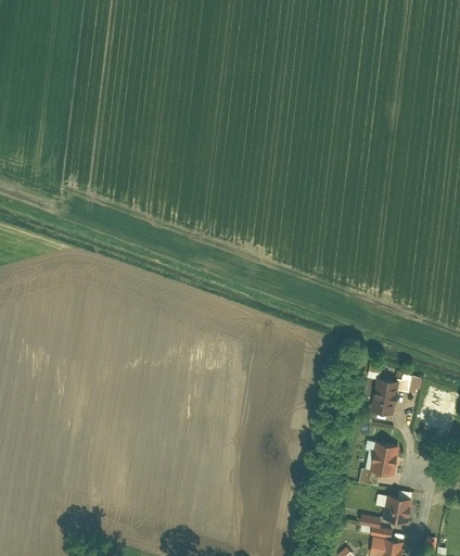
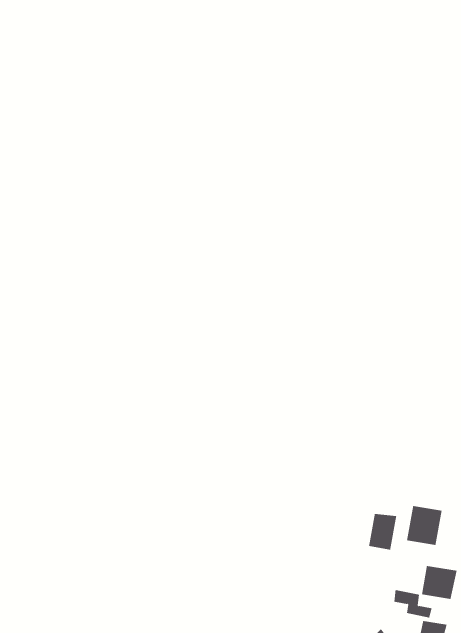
building: [371,378,399,415] -> none
building: none -> [368,513,397,550]

